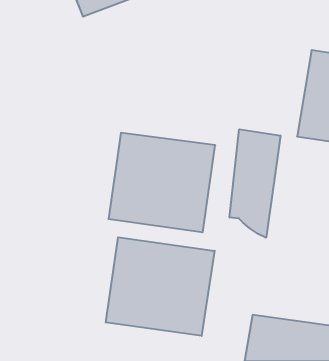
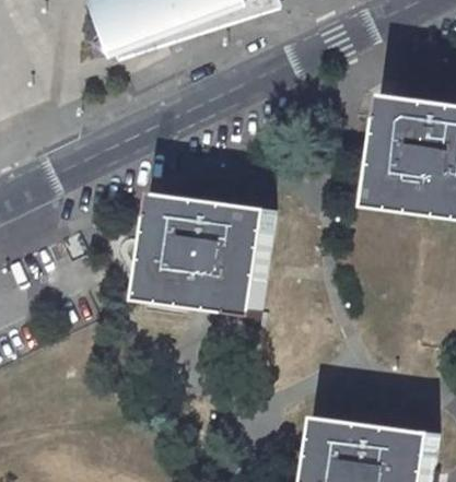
building: [230,129,281,238] -> none
building: [106,237,215,336] -> none

